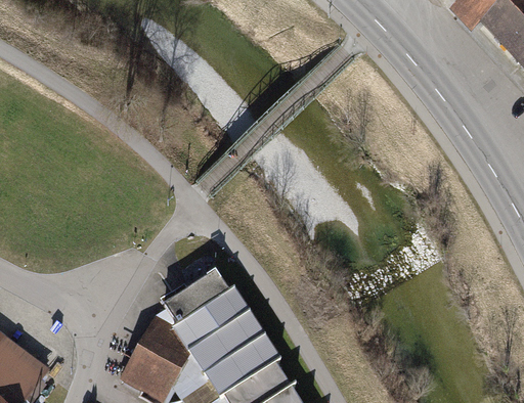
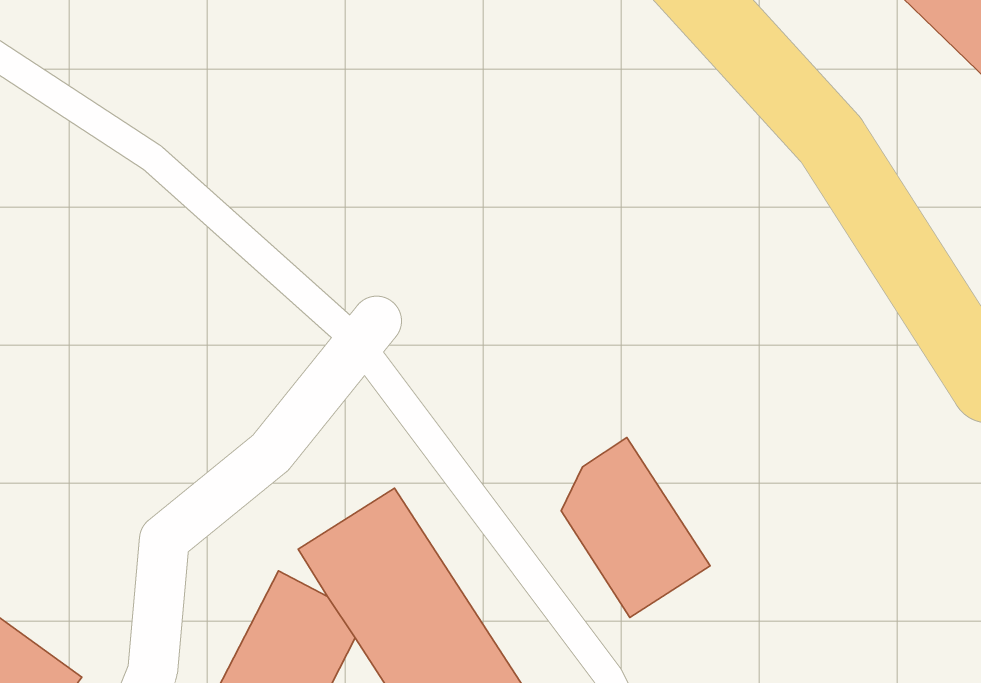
building: none -> [561,438,710,618]

